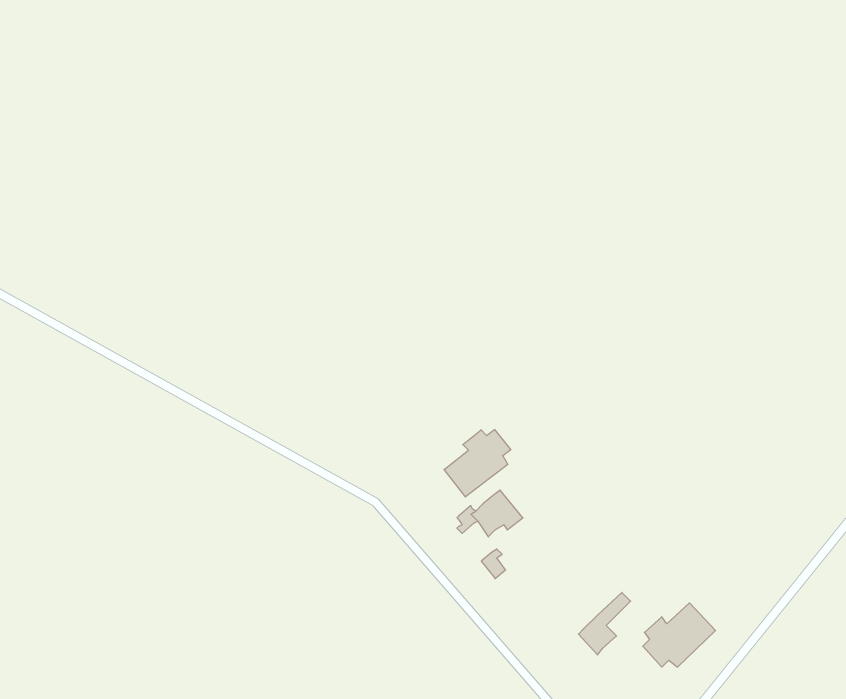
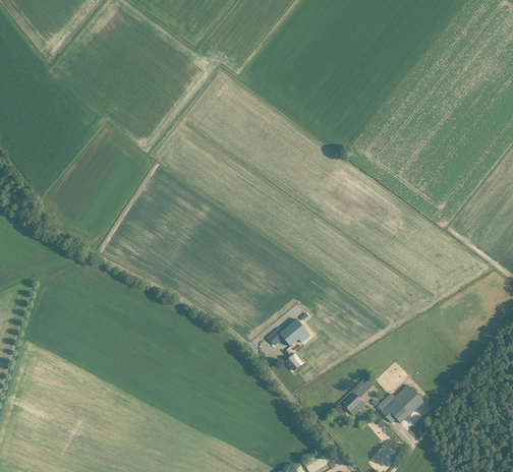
building: [444,430,511,497] -> none

